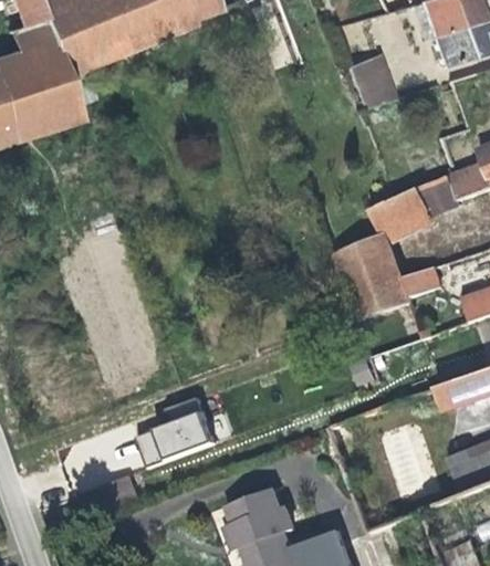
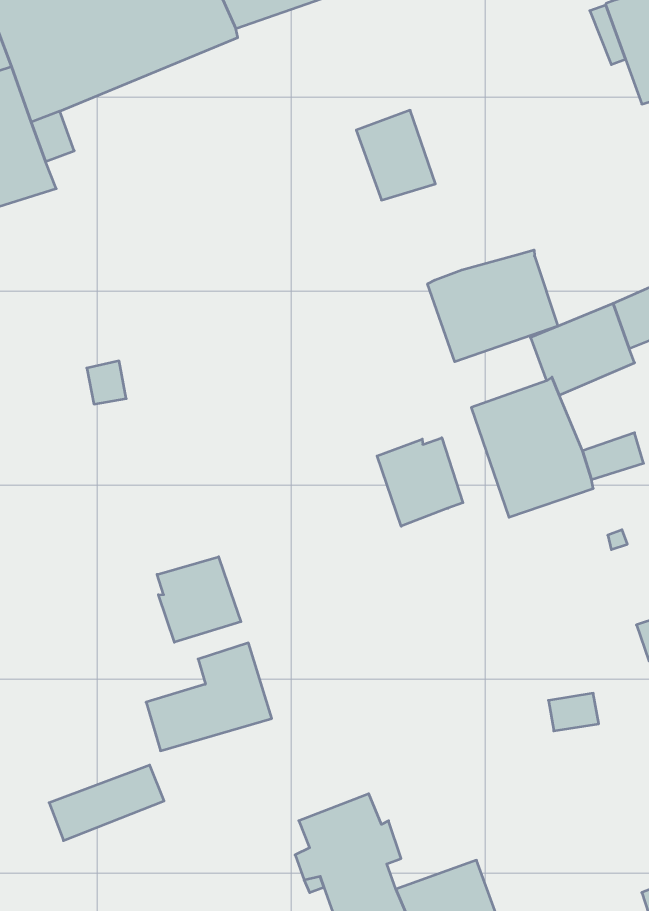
building: [345,53,394,108] -> [356,110,435,200]
building: none -> [428,250,558,362]
building: none -> [377,438,463,526]
building: none -> [157,557,241,642]

